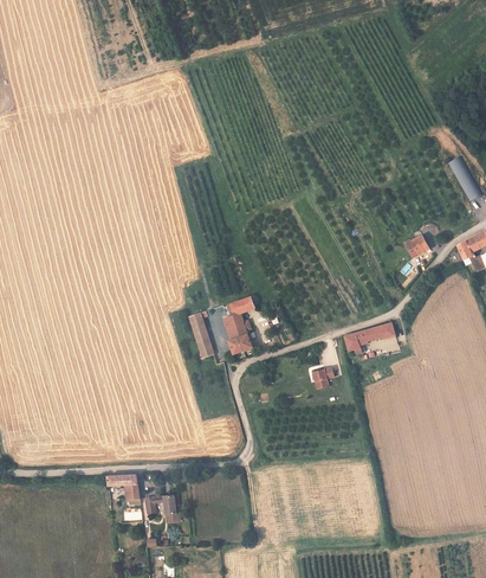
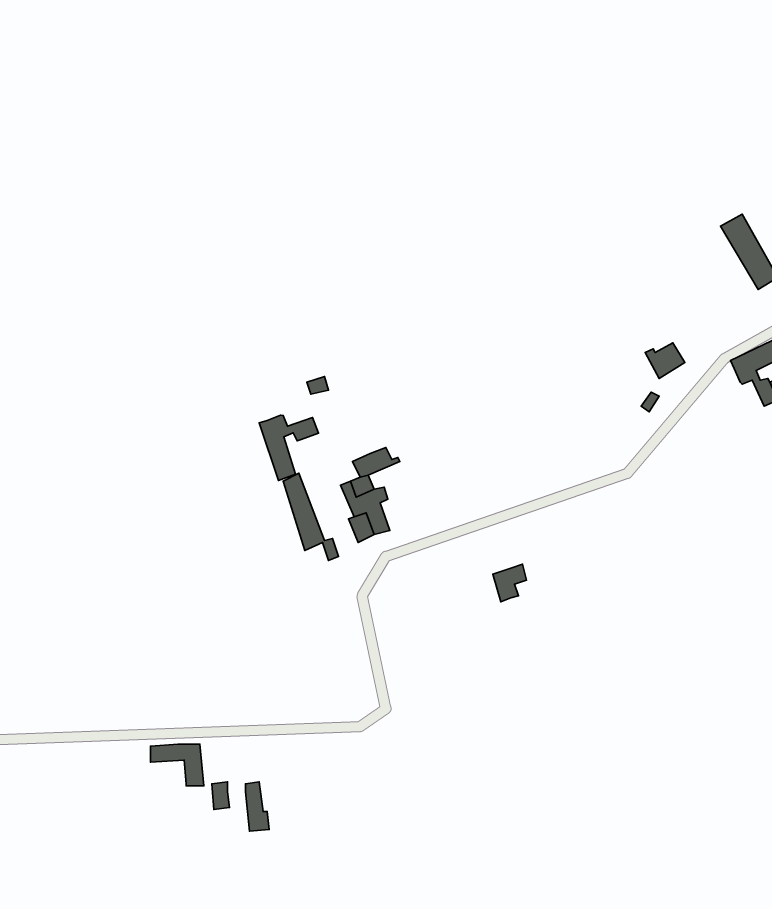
building: none -> [259,415,319,480]
building: [344,321,394,354] -> none

